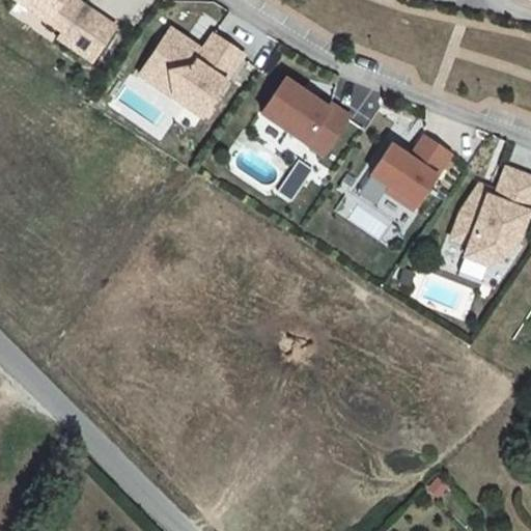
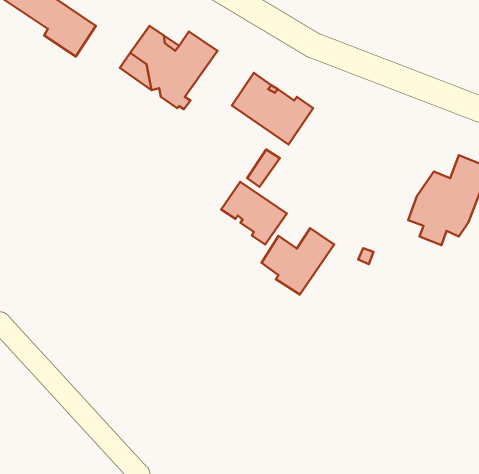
building: [366,148,445,220] -> [261,228,334,294]
building: none -> [221,182,287,244]

